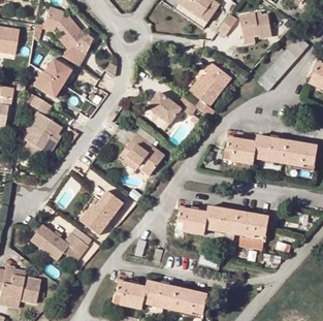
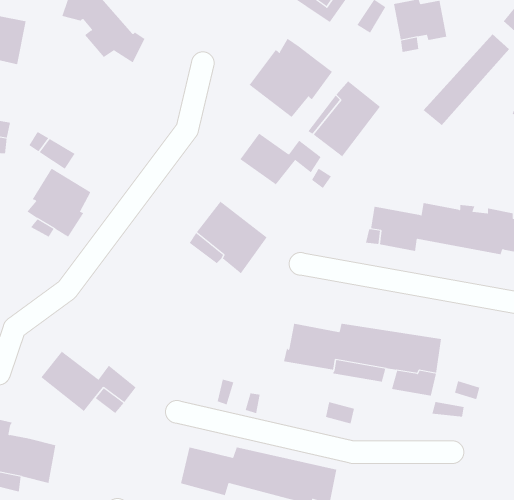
building: none -> [249,38,333,118]
building: [37,55,77,98] -> none
building: [82,190,124,234] -> none

